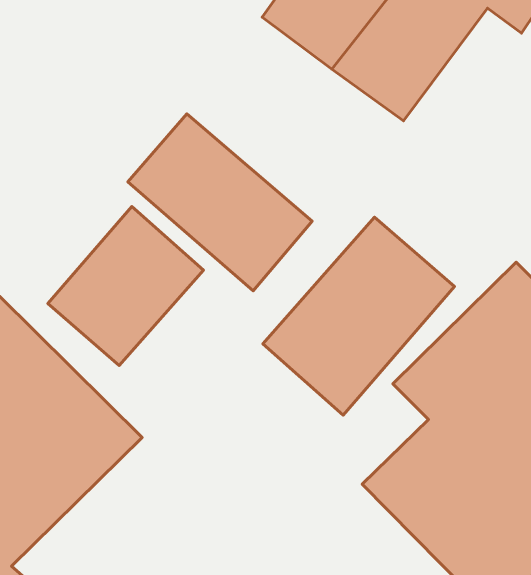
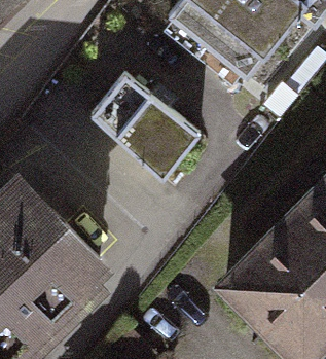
building: [48,206,203,365] -> none
building: [263,217,454,415] -> none

